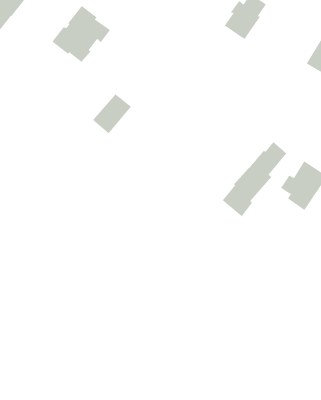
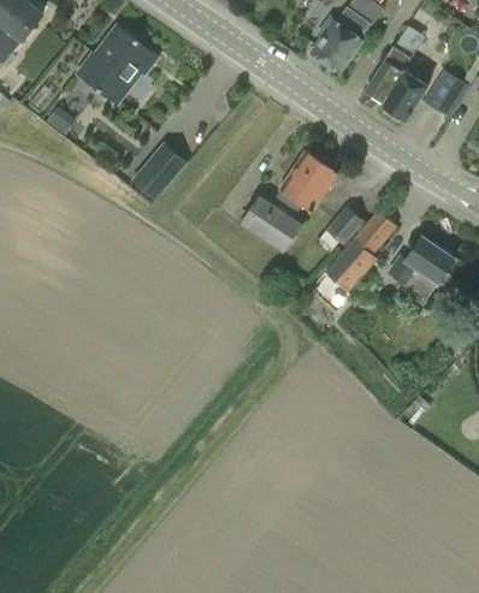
building: none -> [365,26,428,120]
building: none -> [241,149,337,253]
building: none -> [326,206,365,245]

